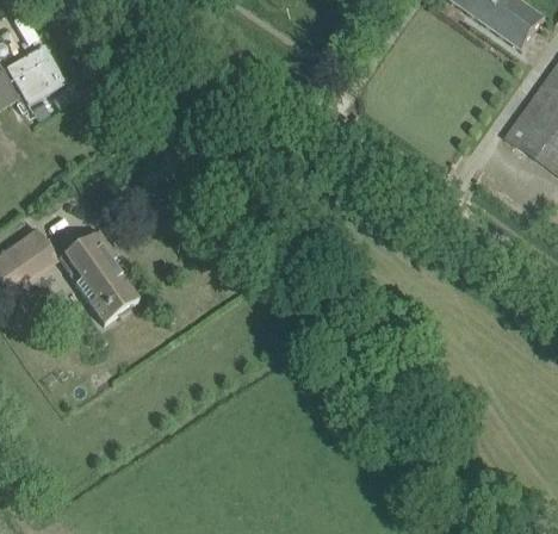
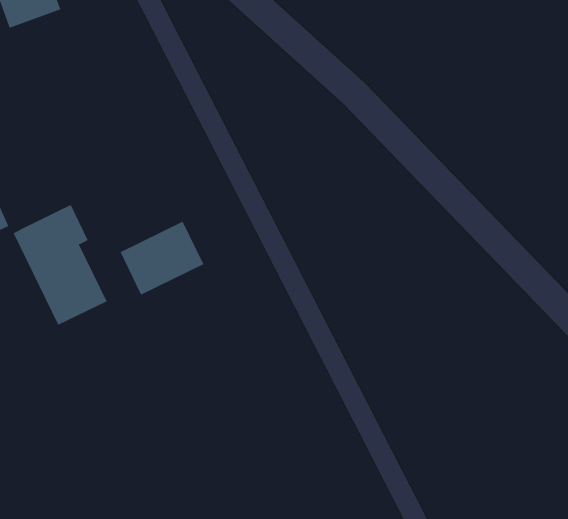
building: none -> [120,221,204,295]

